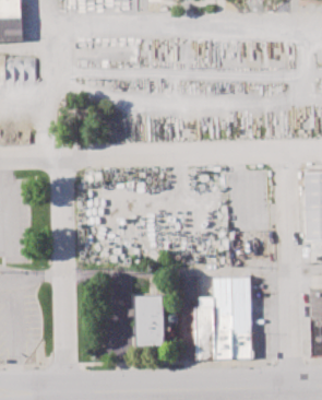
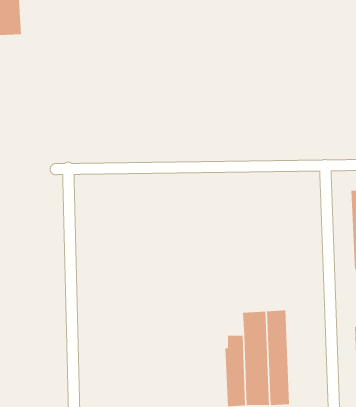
building: [135,296,165,350] -> none

